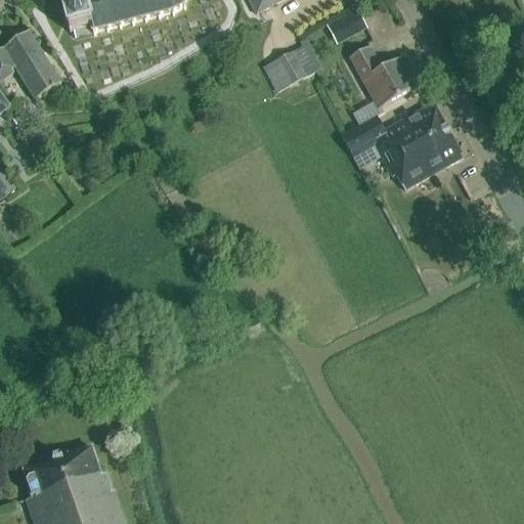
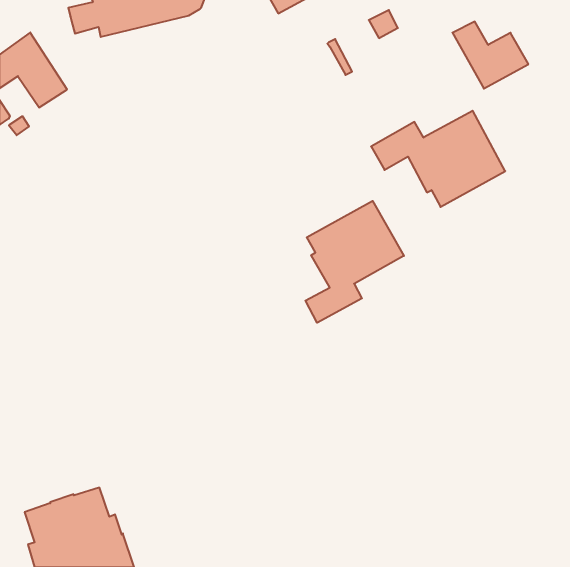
building: [349,46,419,107] -> [452,22,528,89]
building: [274,49,305,84] -> none
building: none -> [305,201,404,323]

